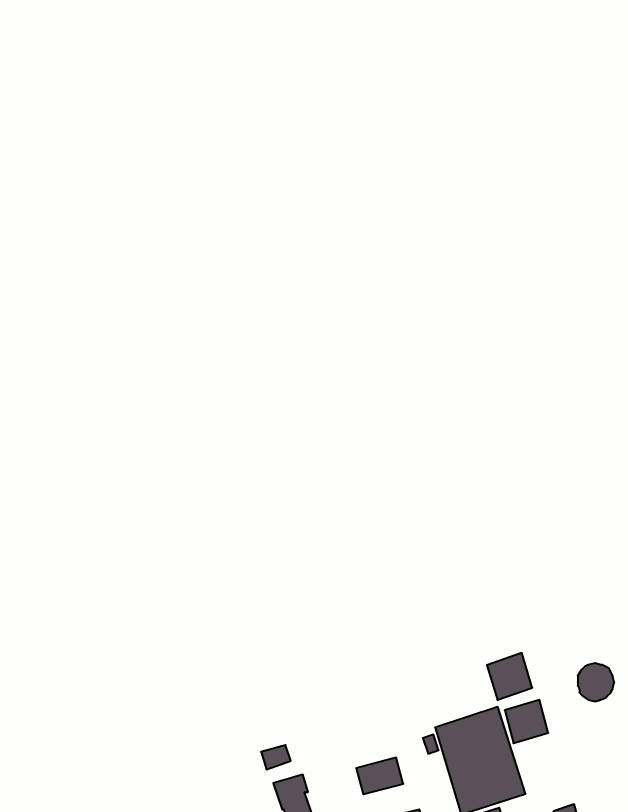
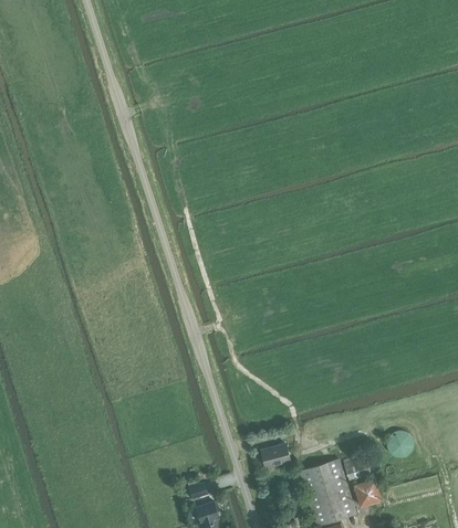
building: [487,653,532,700] -> [352,478,381,508]
building: [356,758,403,794] -> [260,445,290,468]

